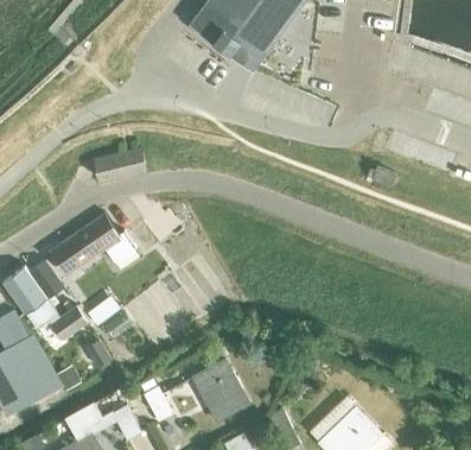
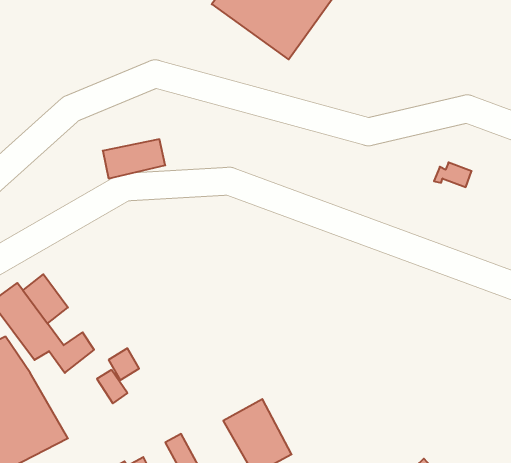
building: [47,214,133,274] -> none

